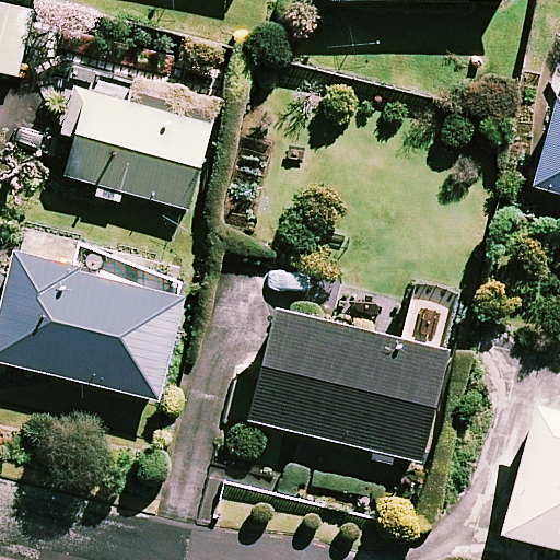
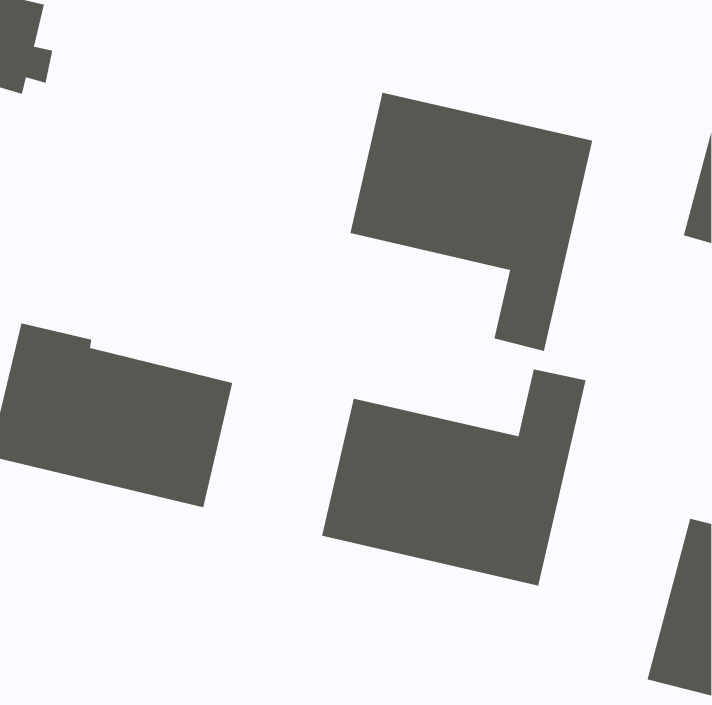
building: none -> [350,92,593,352]
building: [62,82,212,206] -> none

